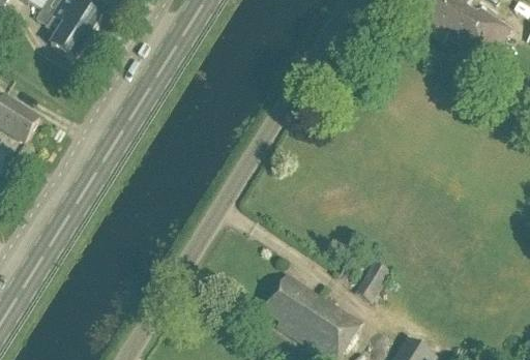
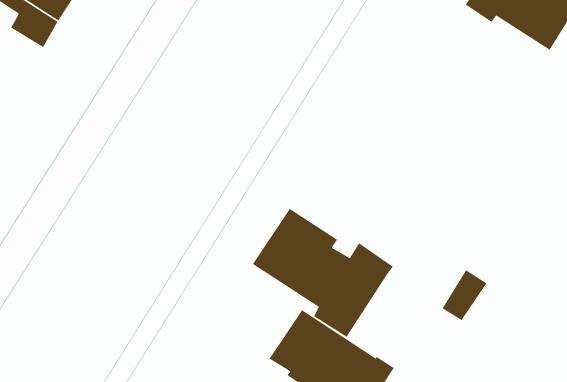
building: none -> [252,208,394,338]
building: [355,259,392,301] -> [442,269,487,321]

